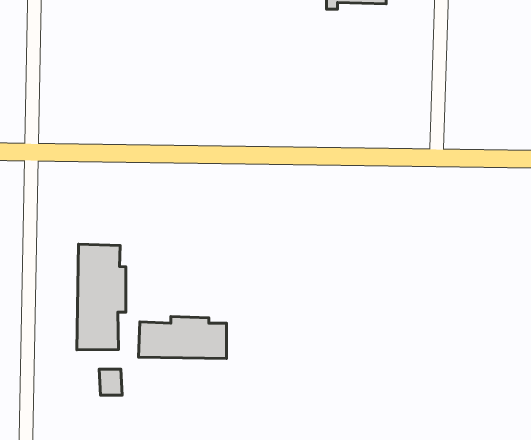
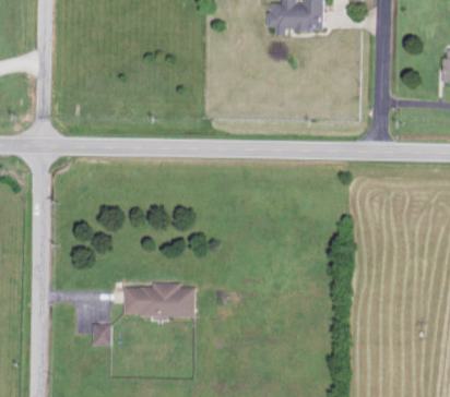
building: [77,244,126,350] -> none

